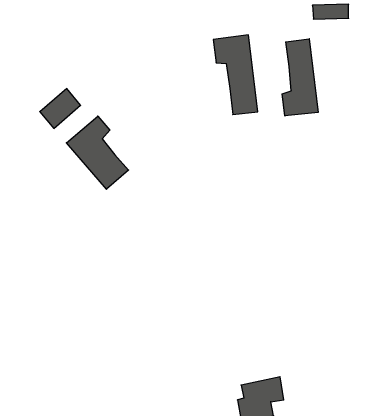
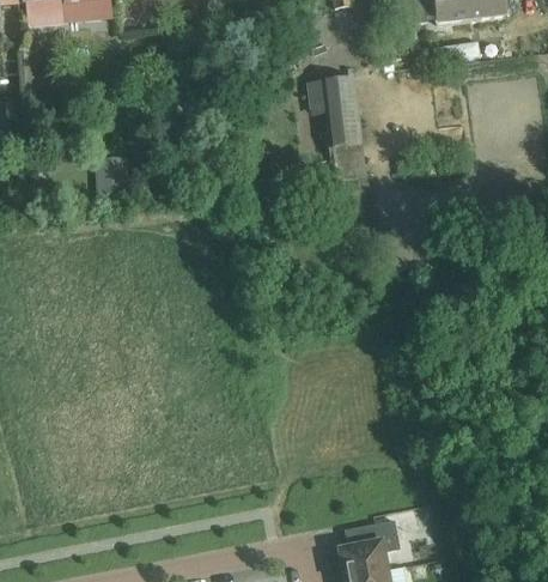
building: [282,39,318,116] -> none
building: [66,116,129,189] -> none

